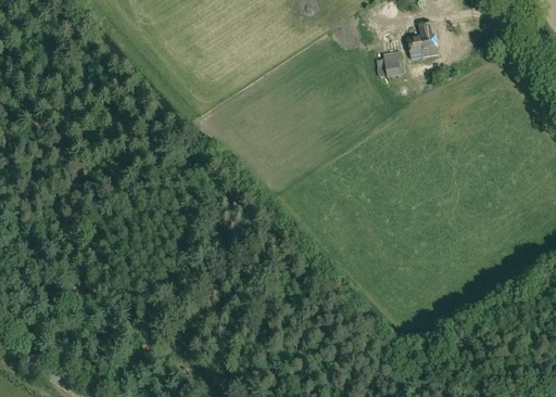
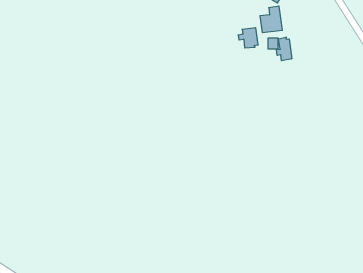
building: none -> [277,37,292,61]

